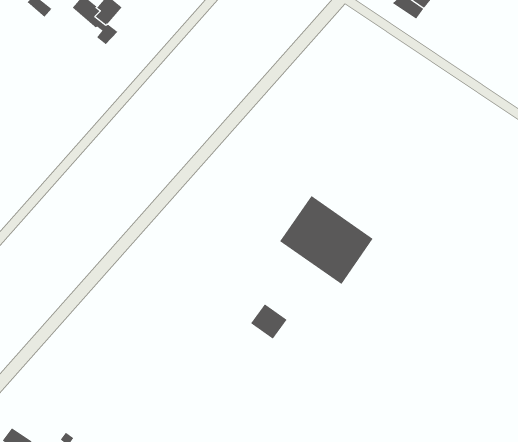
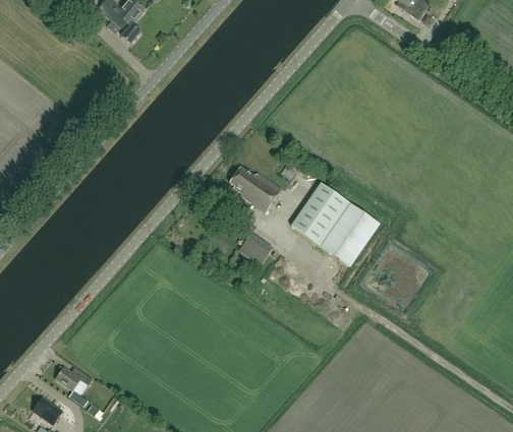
building: none -> [229,167,281,211]
building: [250,303,287,340] -> [238,232,273,265]
building: none -> [55,366,87,393]

